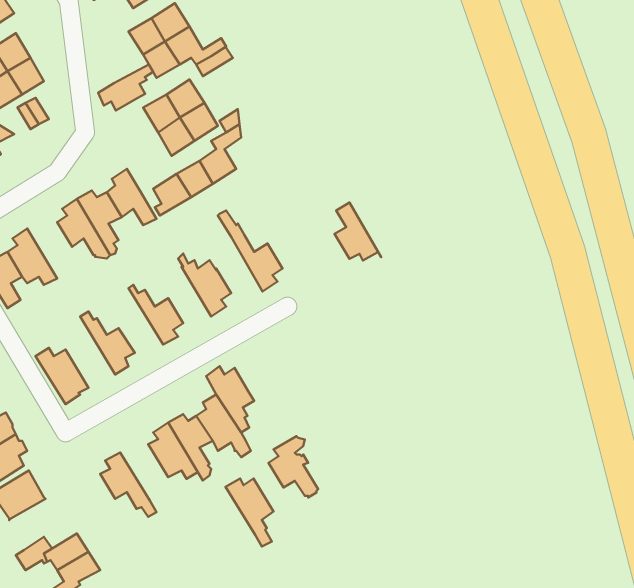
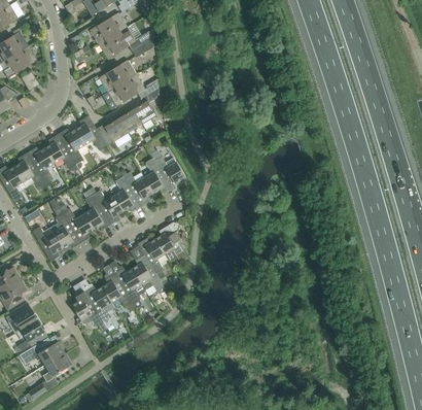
building: [98,65,153,111] -> none
building: [335,202,381,260] -> [144,157,173,193]
building: none -> [27,146,55,182]
building: none -> [114,171,141,211]
building: none -> [83,189,111,230]
building: none -> [50,206,81,250]
building: [268,436,318,498] -> [155,221,186,260]
building: [225,478,273,546] -> [84,285,114,328]
building: none -> [14,319,47,352]

